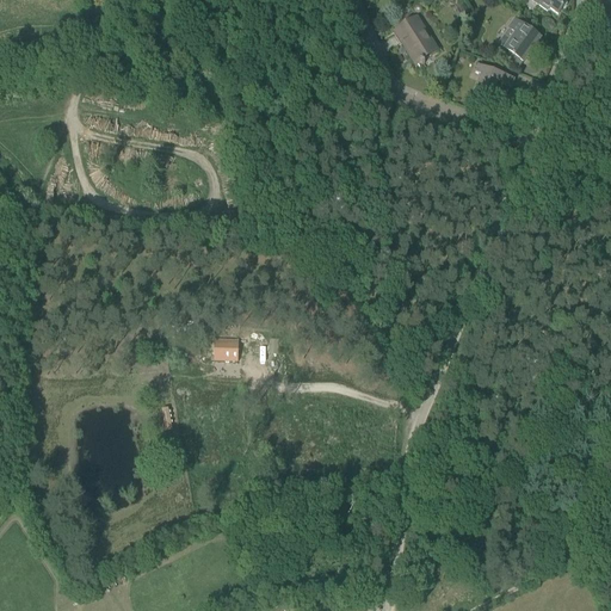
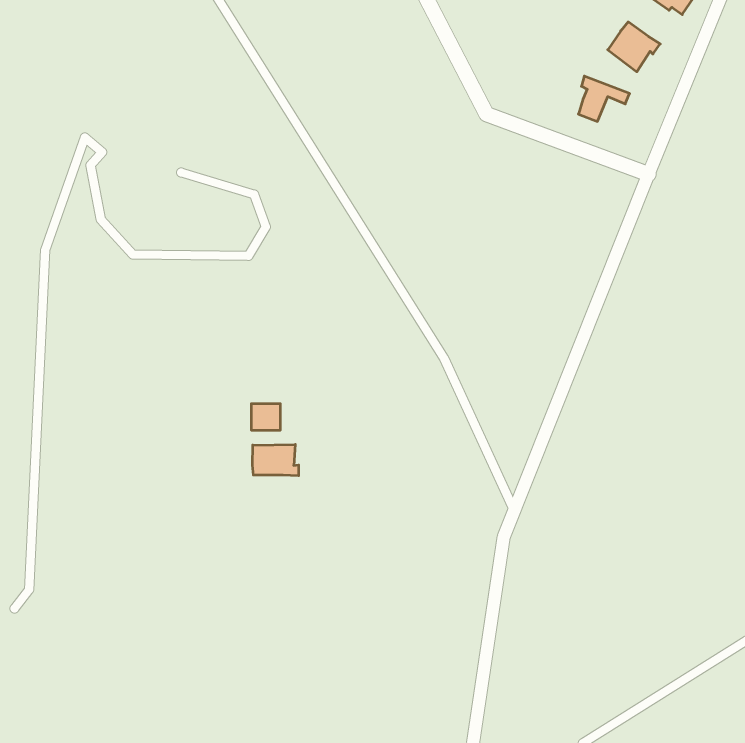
building: [395,14,439,62] -> none
building: none -> [252,444,299,476]

